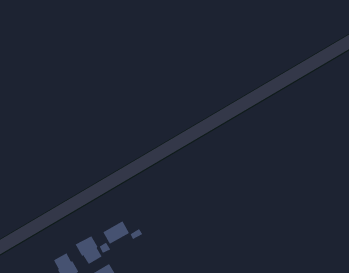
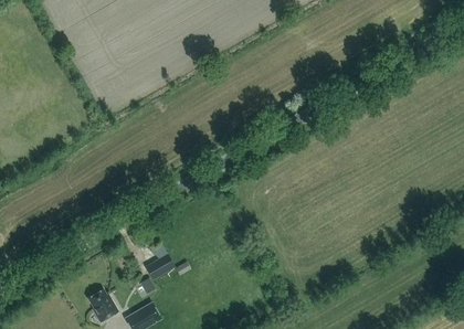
building: [75,235,103,265] -> none

